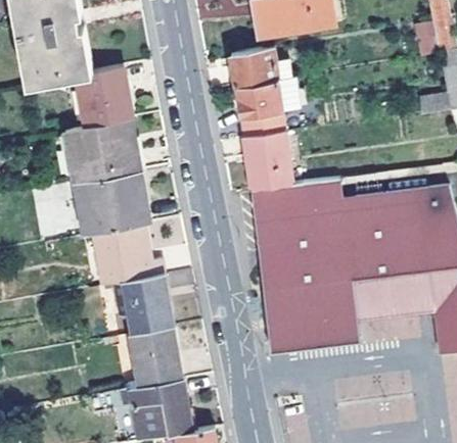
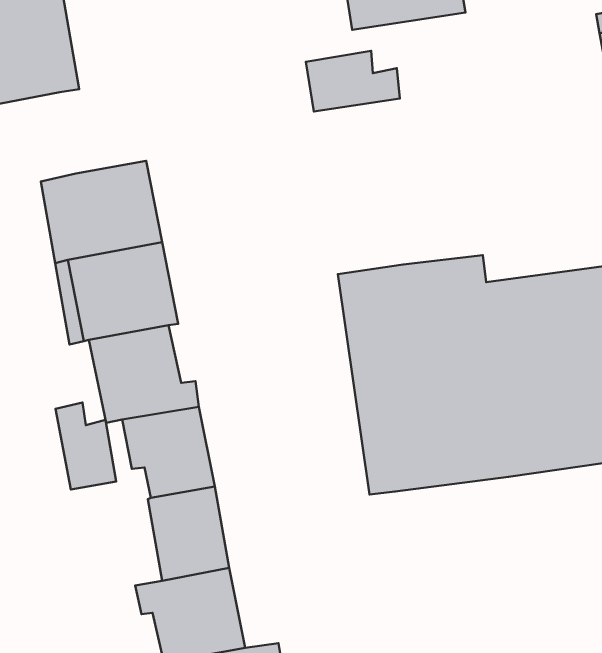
building: [74,66,129,127] -> none
building: [236,78,301,118] -> none
building: [245,134,293,191] -> none
building: none -> [55,402,116,490]
building: [272,321,363,352] -> none

